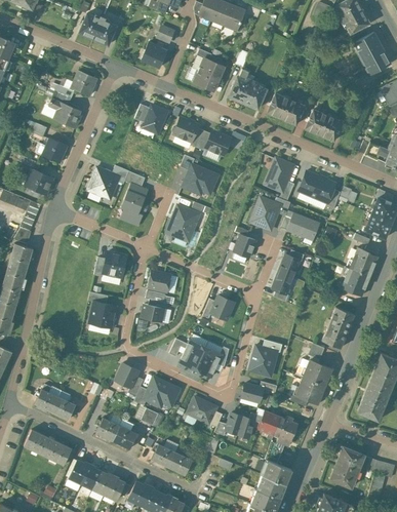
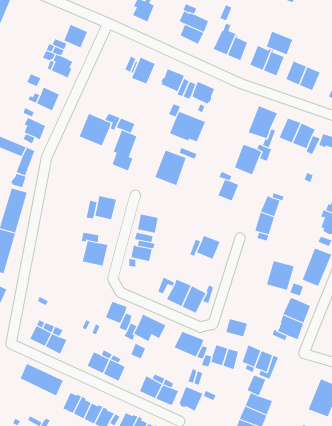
building: none -> [266,31,293,55]
building: [287,211,321,240] -> none
building: [246,347,276,379] -> [266,260,294,290]
building: none -> [178,386,203,411]

